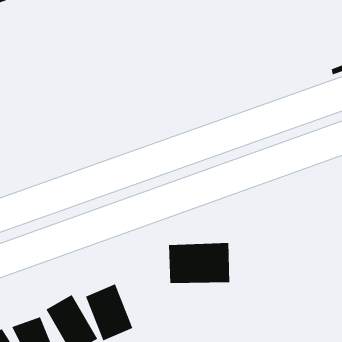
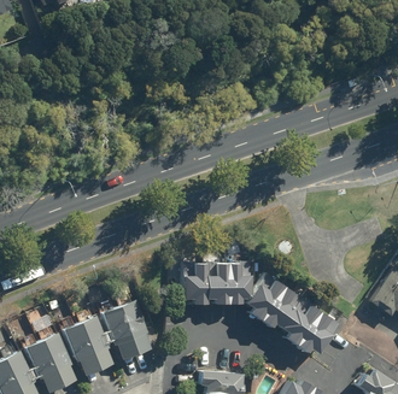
building: none -> [245,276,338,354]

